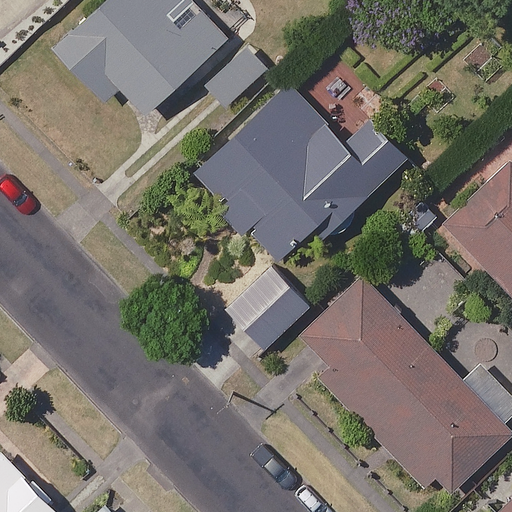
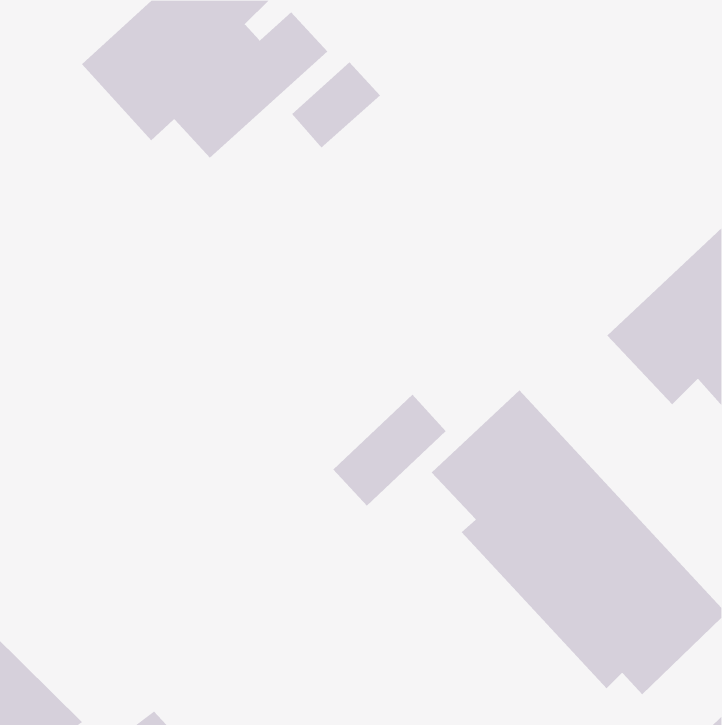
building: [195,86,407,259] -> none

